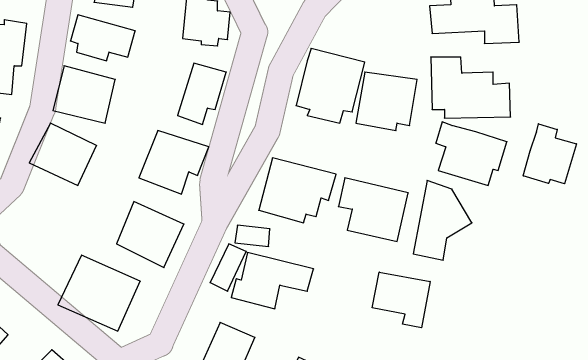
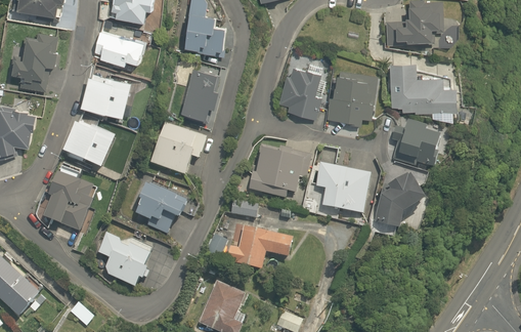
building: [523,124,576,184] -> none
building: none -> [45,162,95,232]
building: [372,272,430,328] -> none

